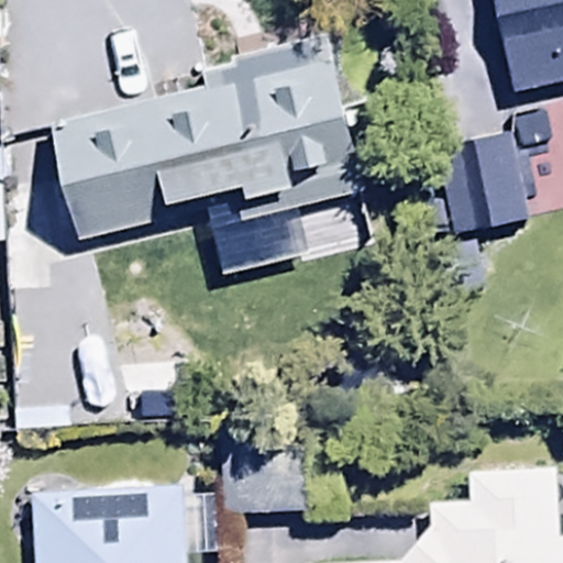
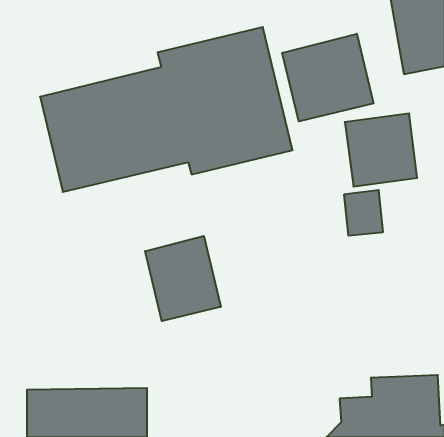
building: none -> [282,34,373,121]
building: none -> [145,236,221,321]

